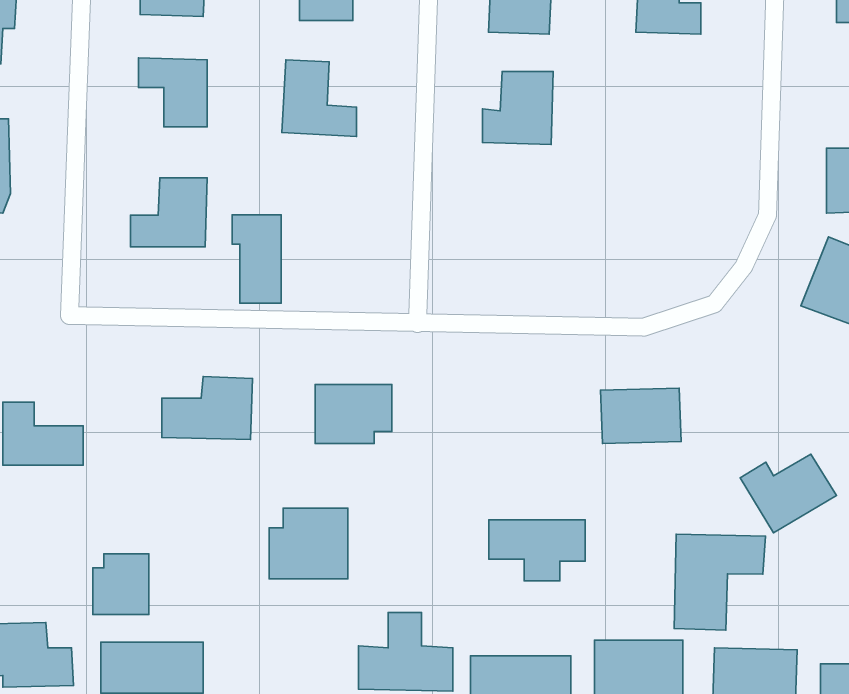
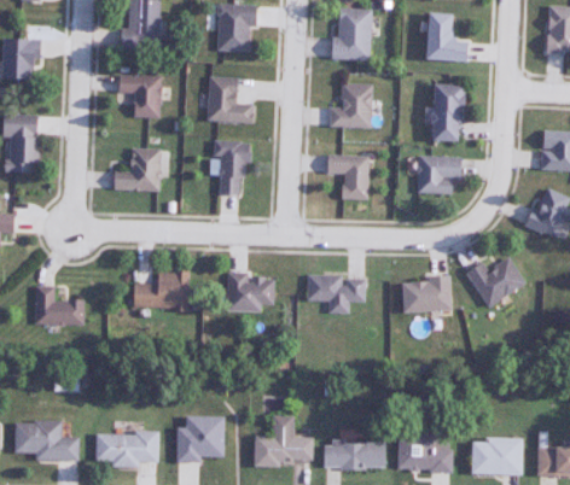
building: none -> [431,84,460,140]
building: none -> [326,154,370,199]
building: none -> [417,157,460,193]
building: [232,215,281,303] -> [214,140,244,194]
building: [740,454,837,533] -> [466,257,525,305]
building: [269,508,348,579] -> [176,416,225,460]
building: [489,520,585,581] -> [307,276,366,314]
building: [674,534,765,630] -> none
building: [93,554,149,614] -> none

